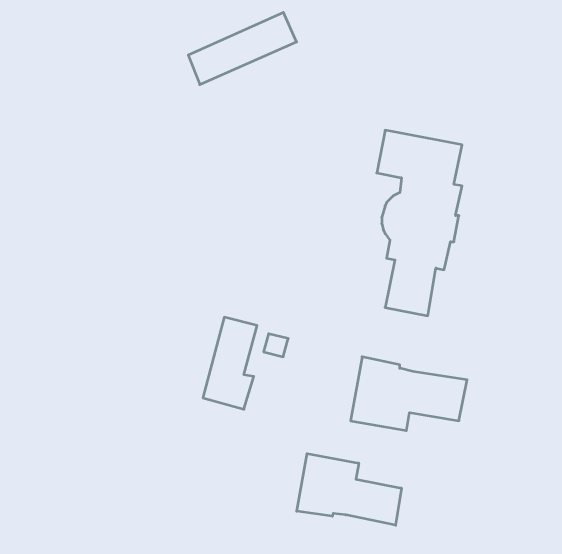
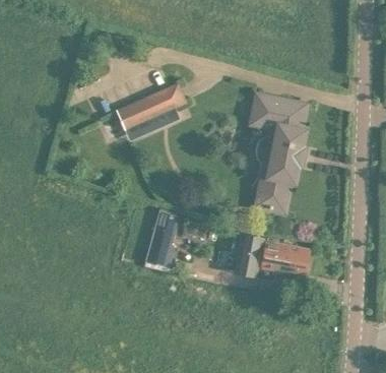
building: [188,12,297,85] -> [118,84,185,129]
building: [297,454,401,525] -> none

